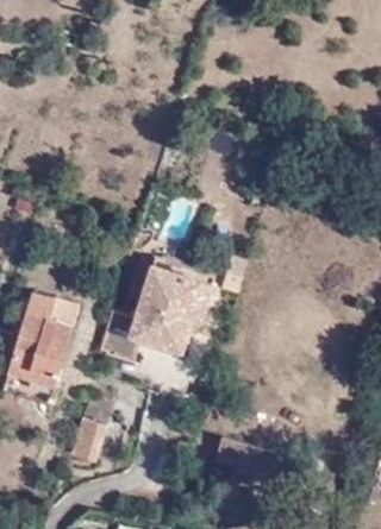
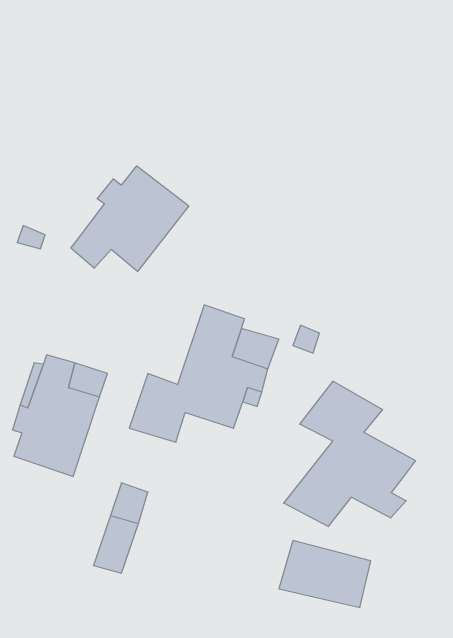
building: none -> [71,166,189,271]
building: none -> [284,381,416,527]

